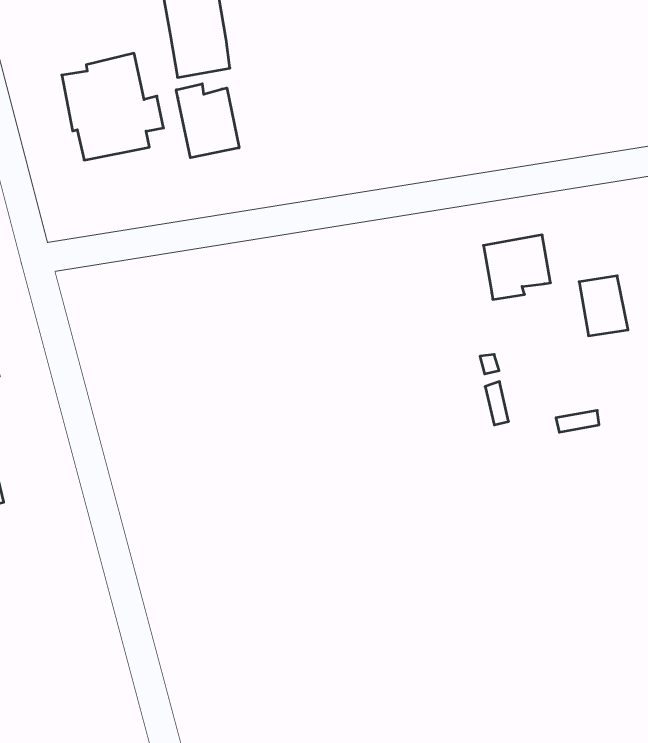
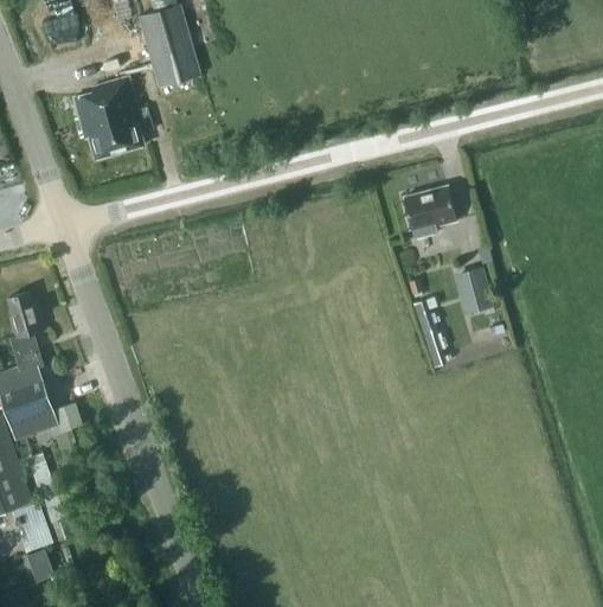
building: [176,84,239,158] -> none
building: [579,276,628,336] -> [454,266,494,313]

